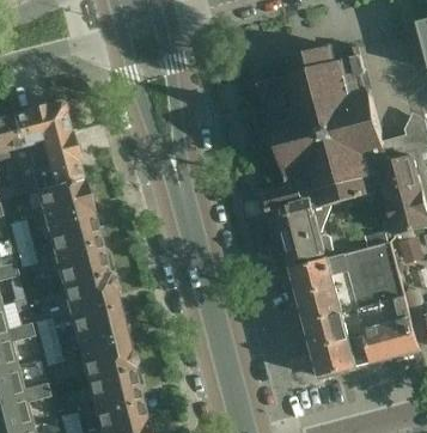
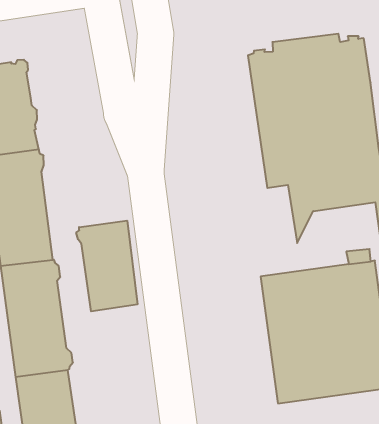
building: [264,182,333,262] -> none
building: none -> [76,221,137,311]

